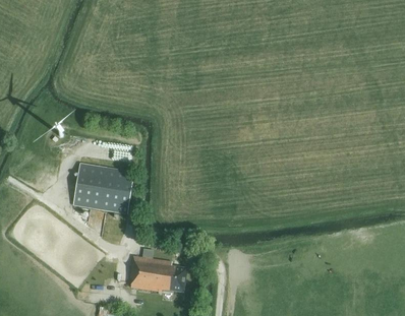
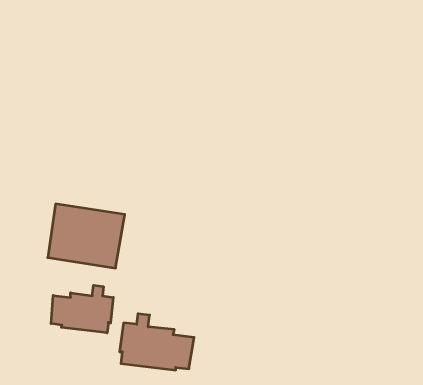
building: none -> [51,285,113,333]

